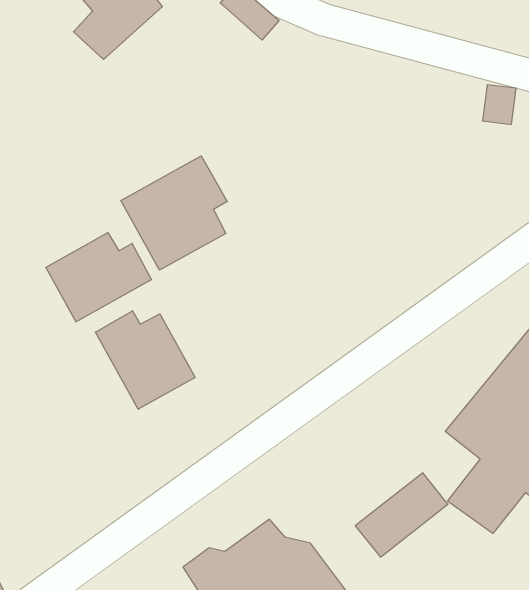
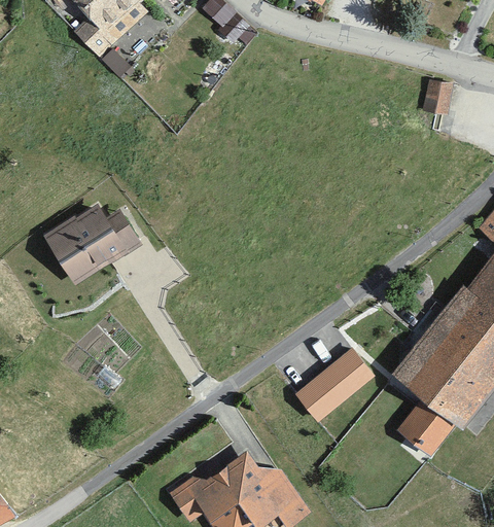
building: [121,156,227,270] -> none
building: [95,311,195,409] -> none
building: [355,473,448,557] -> [297,348,377,420]

